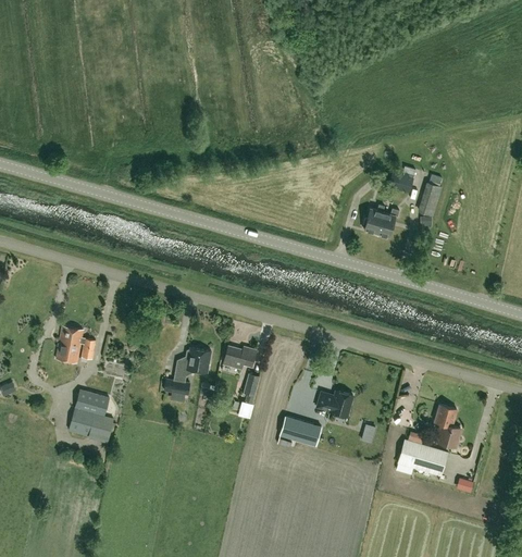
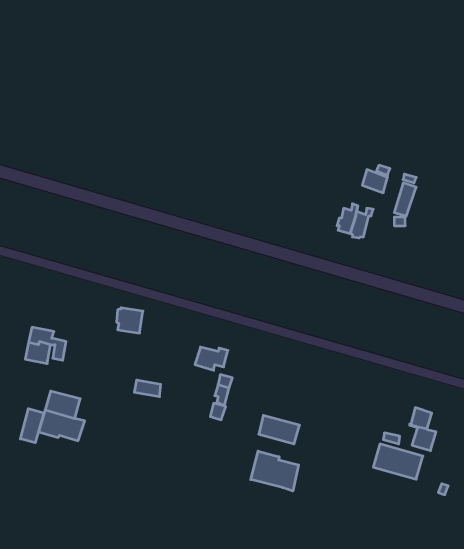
building: [184,348,210,373] -> [117,308,143,333]
building: [315,391,351,417] -> none
building: none -> [20,409,44,443]
building: none -> [251,451,299,491]

